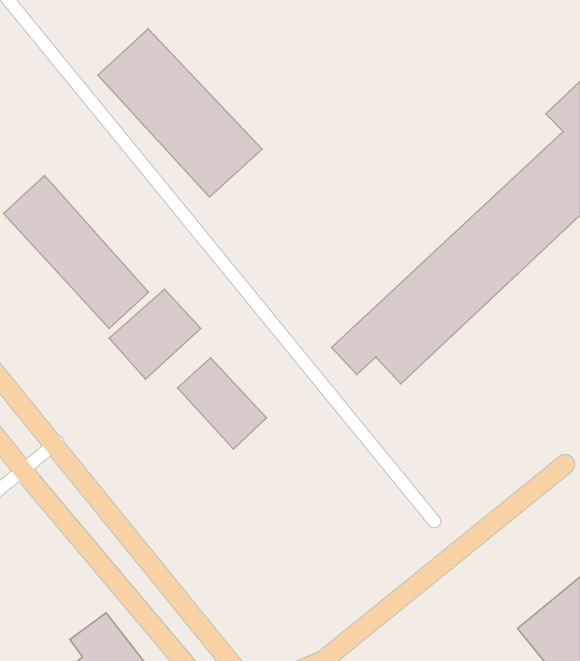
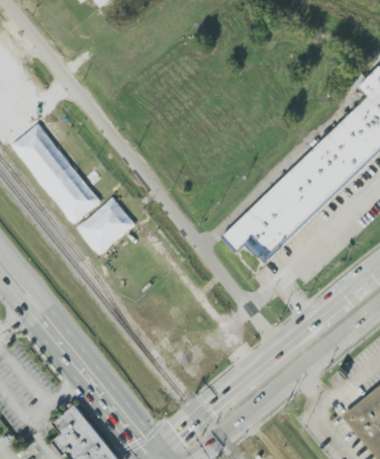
building: [98,29,262,197] -> none
building: [177,358,266,449] -> none

